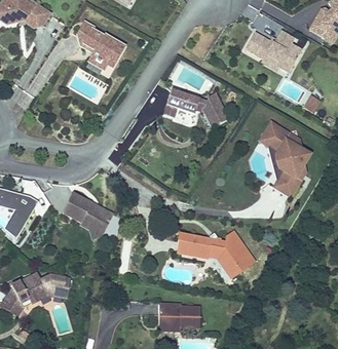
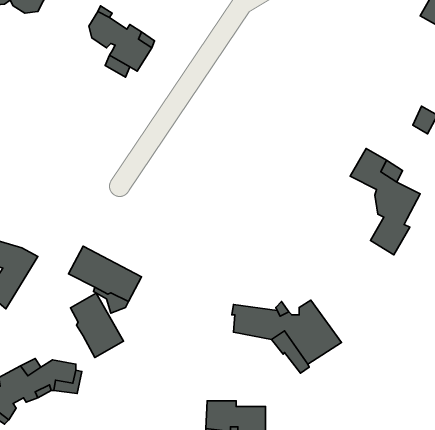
building: [247,29,304,74] -> none
building: [163,88,229,128] -> none
building: none -> [70,293,124,358]

